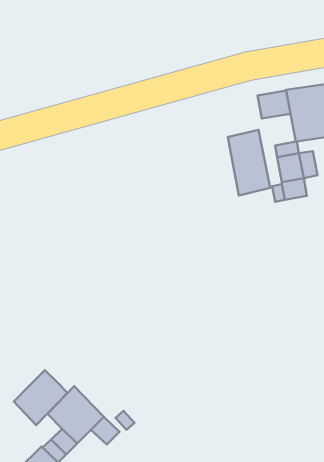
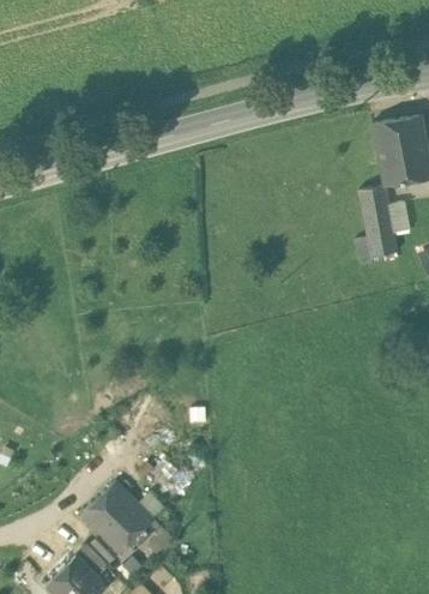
building: [257,90,291,119] -> none
building: [228,130,270,196] -> none
building: [14,370,68,425] -> none

